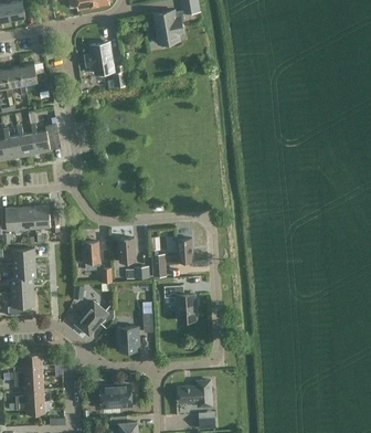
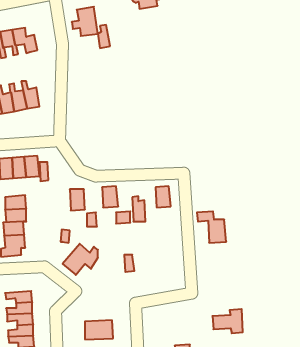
building: [163,285,195,319] -> [197,211,226,243]
building: [115,325,137,350] -> none
building: [177,379,210,405] -> [212,309,243,333]

